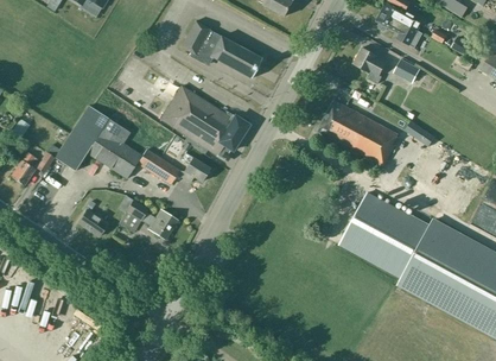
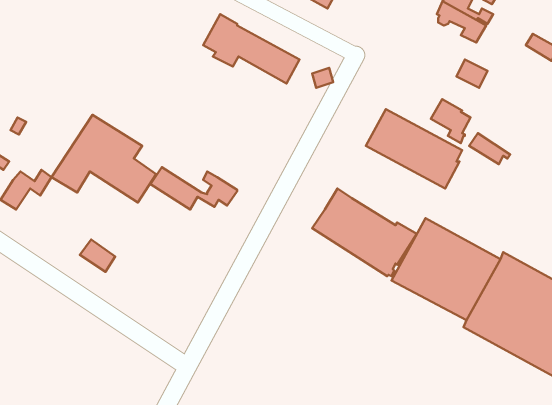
building: [352,46,386,83] -> [431,99,471,143]
building: [160,86,248,159] -> [312,188,417,276]
building: [119,195,178,239] -> none

